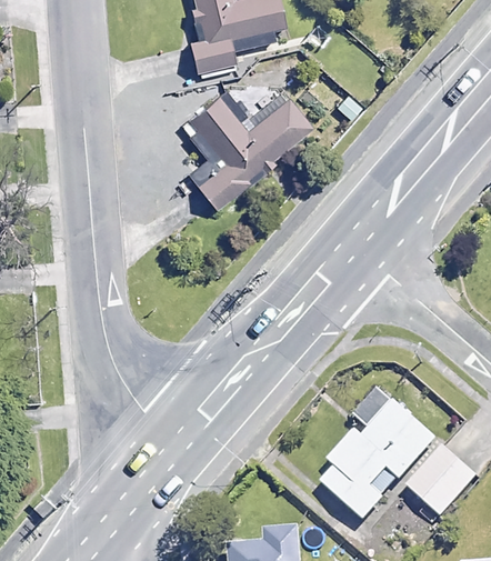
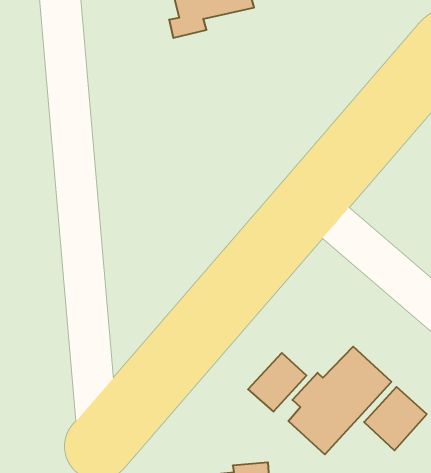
building: [186,94,309,207] -> none
building: none -> [248,353,306,412]

